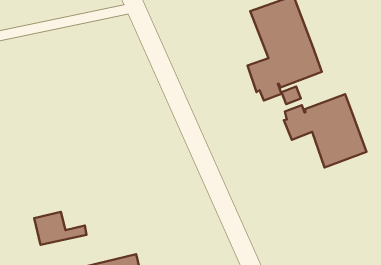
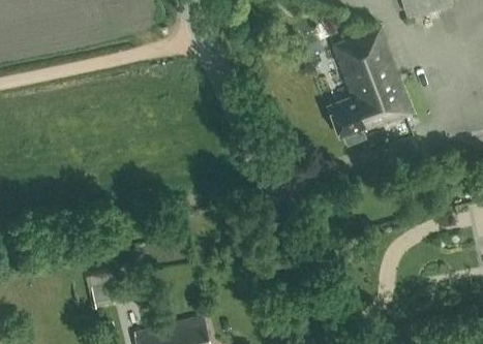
building: [284,94,366,168] -> none

